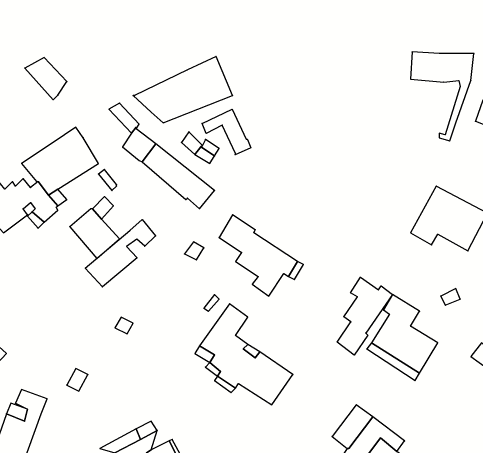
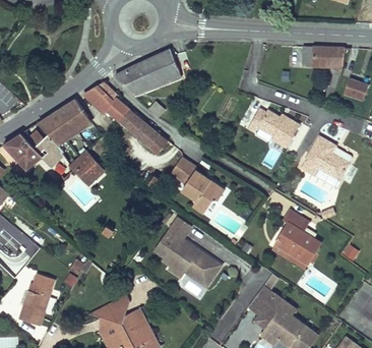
building: [25,58,67,100] -> [84,85,113,114]
building: [202,109,251,155] -> none
building: none -> [248,110,300,149]
building: [85,220,156,287] -> none
building: [337,277,392,355] -> none

